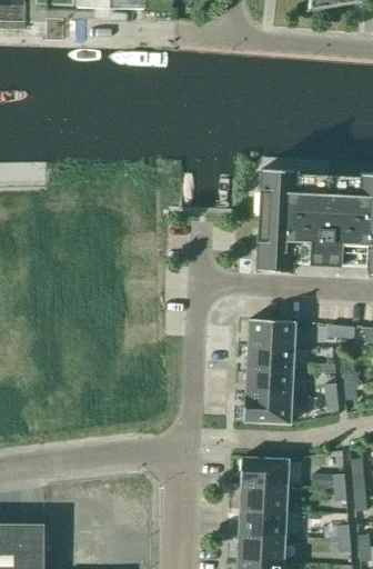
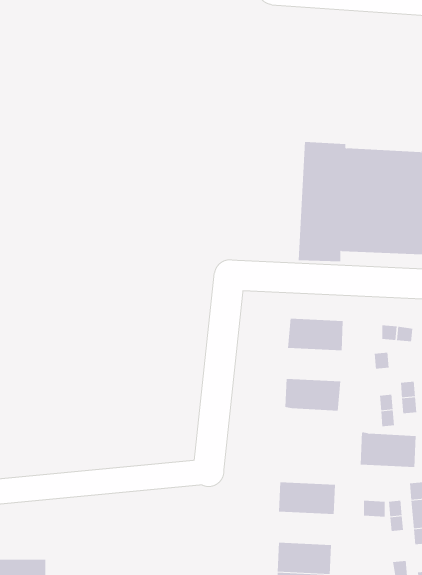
building: [246,345,294,372] -> none
building: [243,395,291,425] -> [360,432,416,467]
building: [240,483,288,511] -> none

